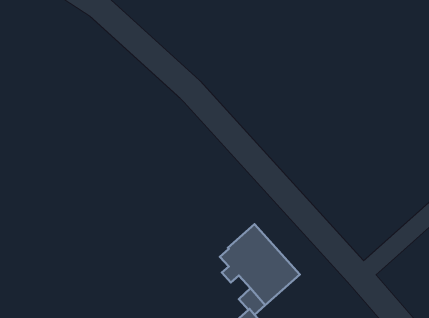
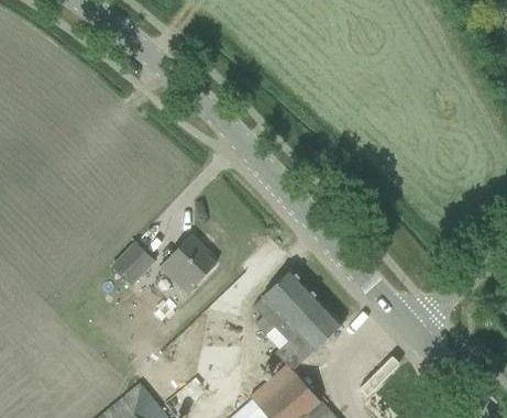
building: none -> [159,233,217,293]
building: none -> [110,240,155,285]

